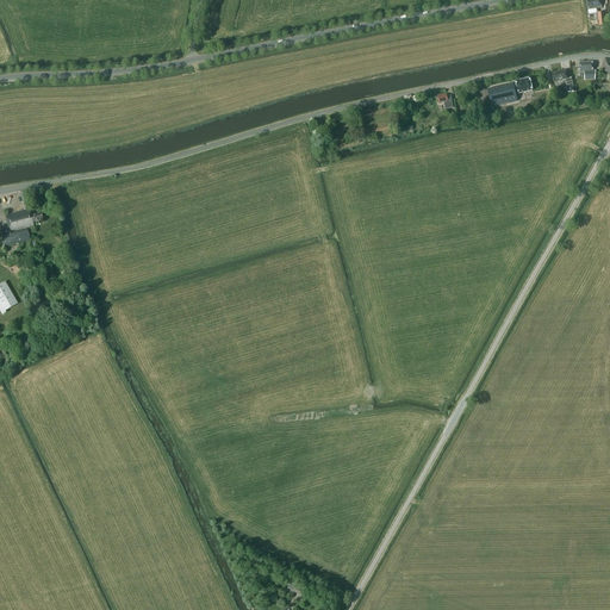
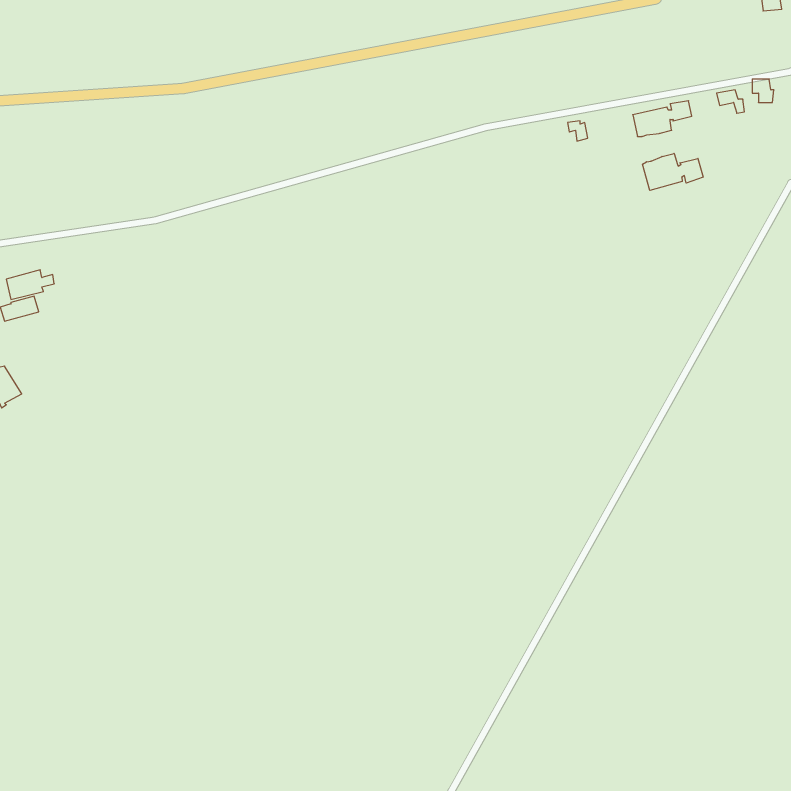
building: none -> [643,153,703,190]

